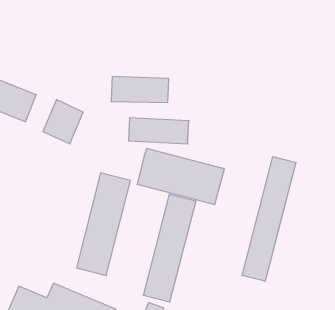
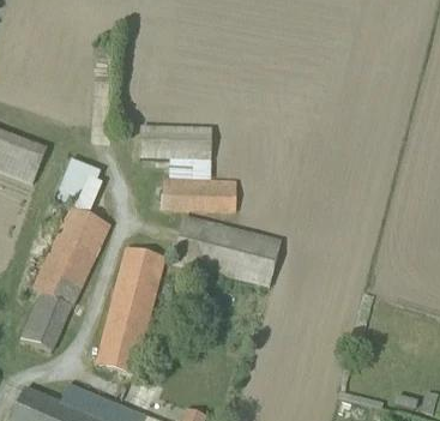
building: none -> [22,206,110,350]
building: [242,157,296,281] -> none
building: [143,194,196,302] -> none

